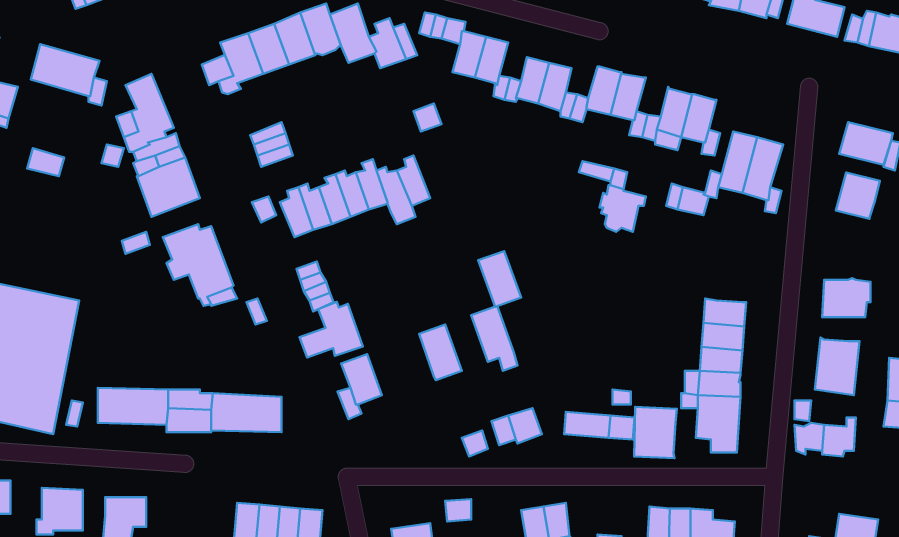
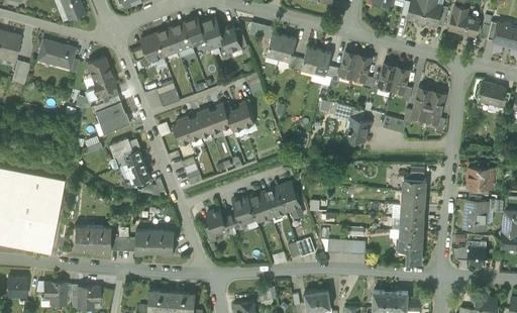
building: [836,172,880,219] -> none
building: [478,251,521,307] -> [263,187,286,217]
building: [300,302,363,358] -> [222,196,256,226]
building: [634,407,677,458] -> none

